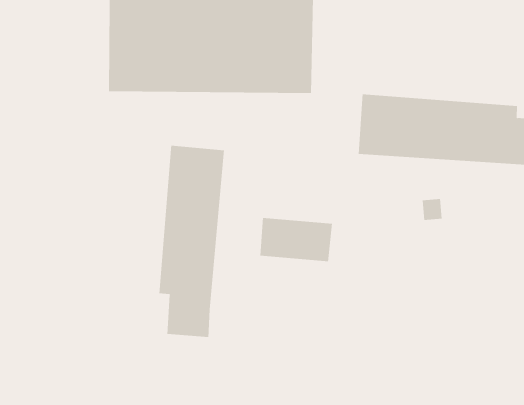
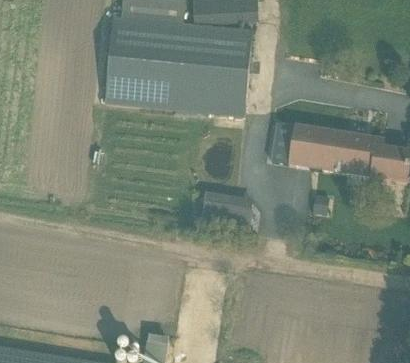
building: [159,145,225,338] -> none

